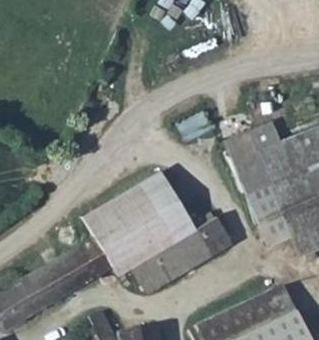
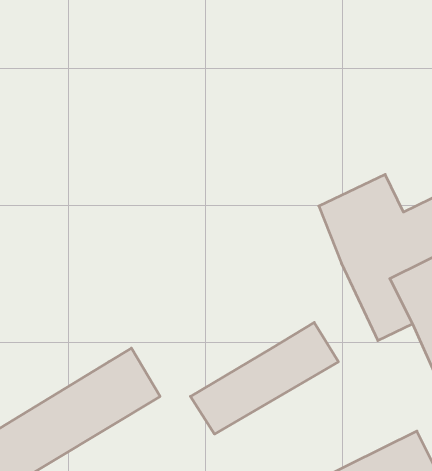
building: [86,177,188,276] -> none

